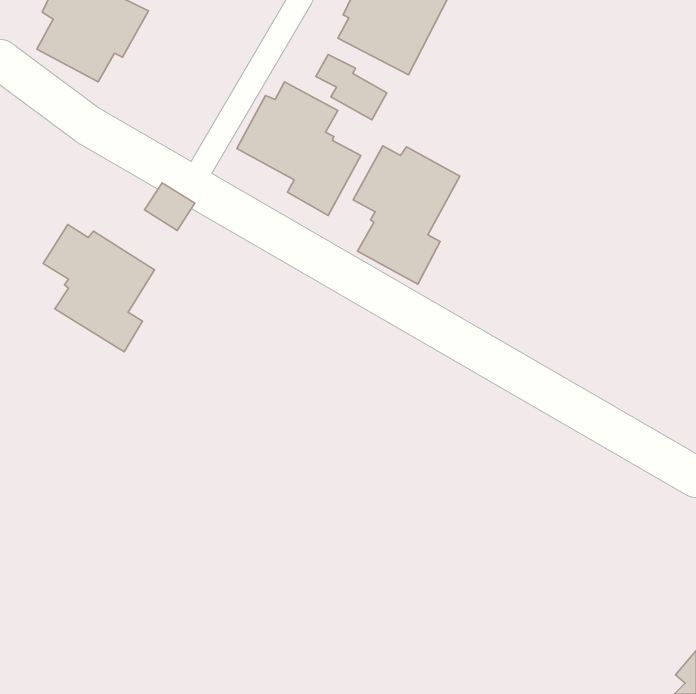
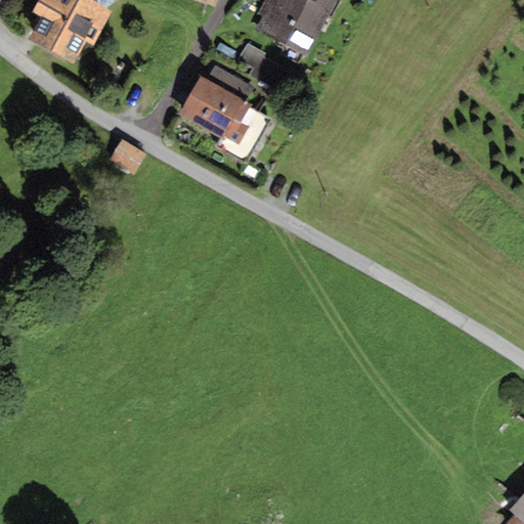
building: [353,146,460,284] -> none
building: [43,225,155,352] -> none

